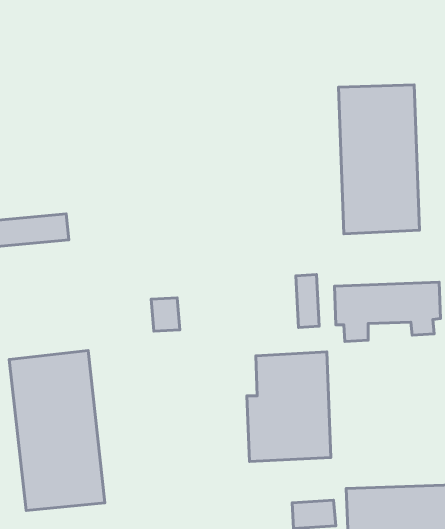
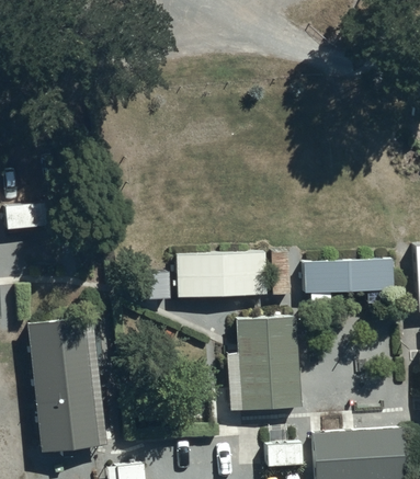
building: [338,85,420,234] -> none
building: none -> [175,252,265,297]

